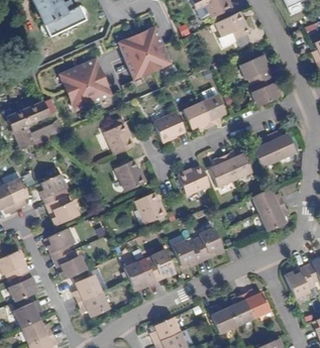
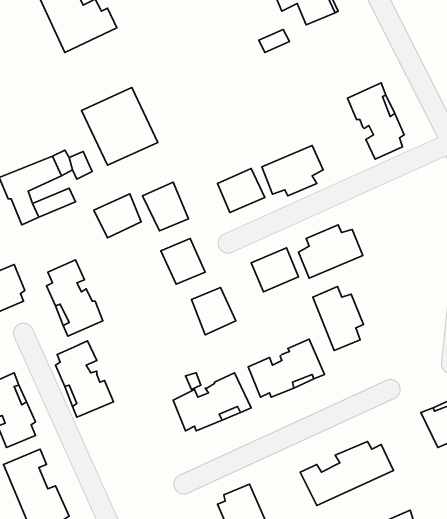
building: [216,12,250,45] -> none
building: [120,26,173,80] -> none
building: none -> [94,194,141,238]
building: [251,130,292,164] -> none
building: [252,187,286,229] -> [313,286,363,351]
building: [71,272,107,314] -> none

